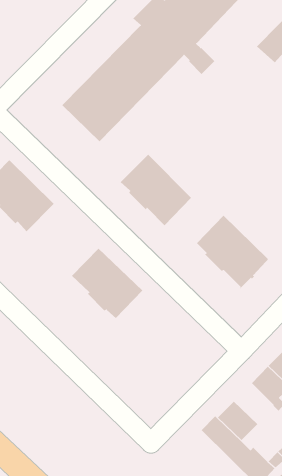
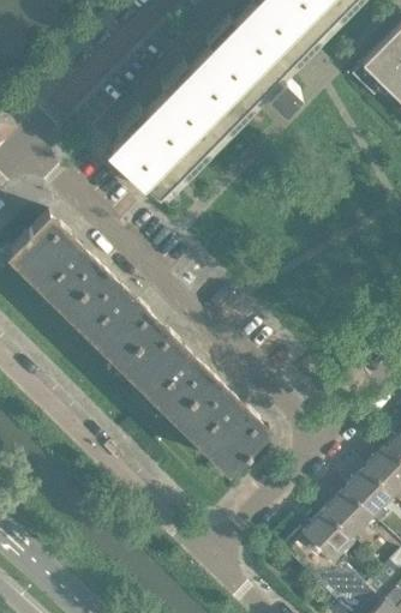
building: [120,154,192,226] -> [66,270,155,359]
building: [196,215,270,289] -> [176,377,268,468]
building: none -> [322,491,370,541]

